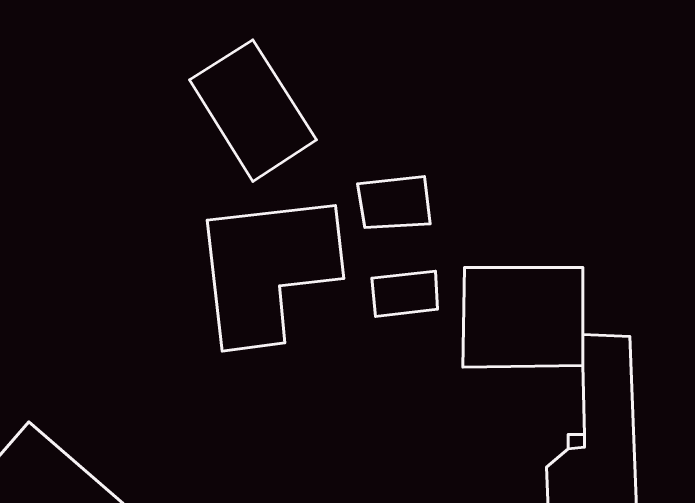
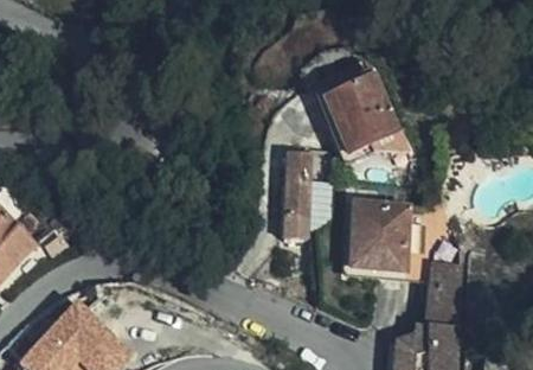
building: [189,40,317,181] -> [313,64,396,157]
building: [207,206,344,351] -> none
building: none -> [285,183,332,218]

